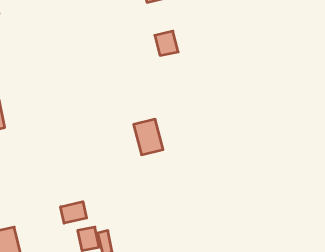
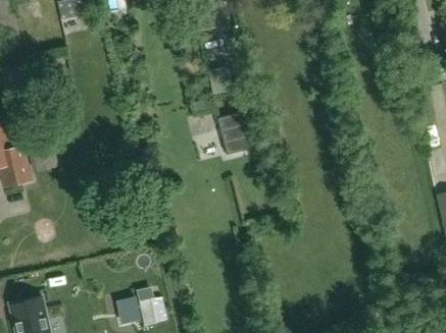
building: [134,119,163,155] -> [216,111,251,153]
building: [61,202,87,223] -> none

